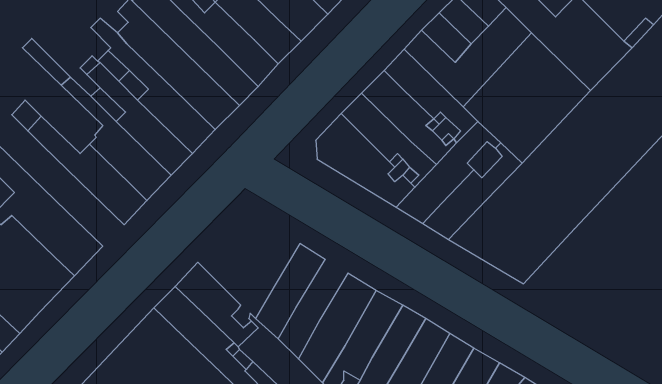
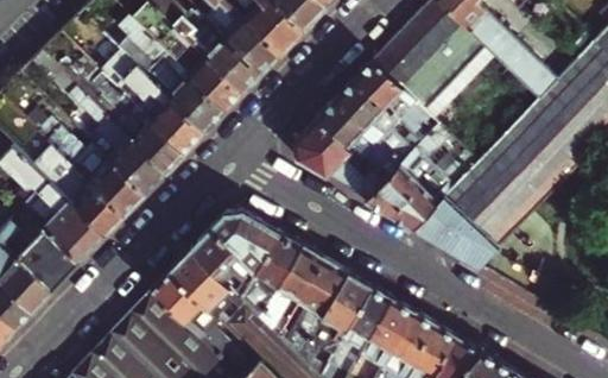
building: none -> [38,146,124,235]
building: none -> [189,212,279,300]
building: none -> [260,247,322,335]

